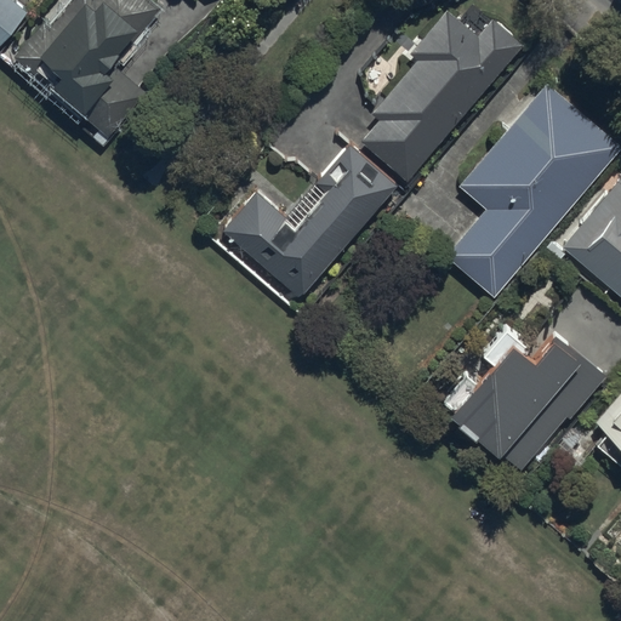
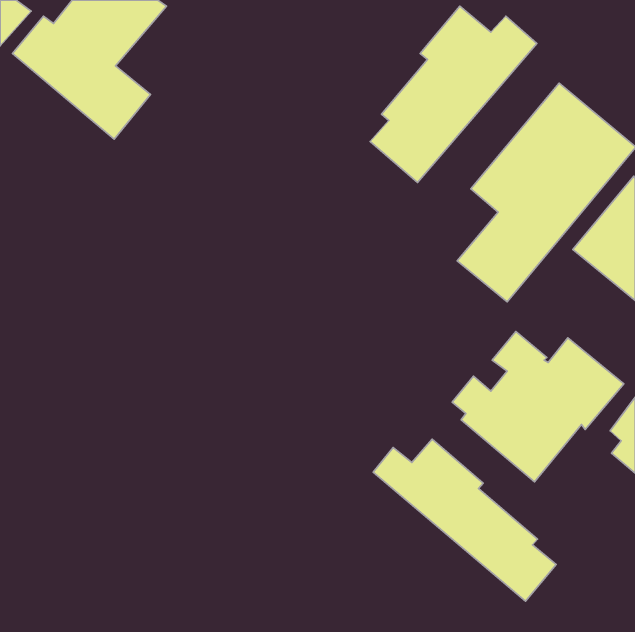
building: [224,141,399,297] -> none
building: none -> [373,439,556,601]

